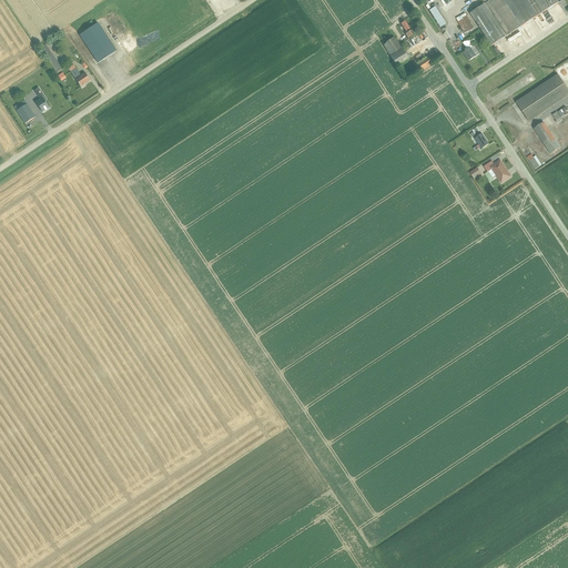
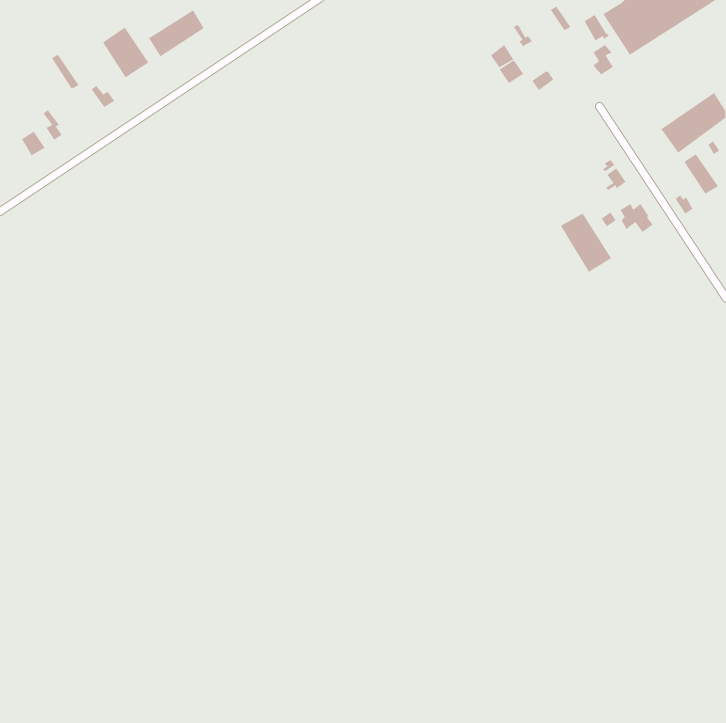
building: none -> [148,9,204,57]
building: none -> [560,213,612,273]

